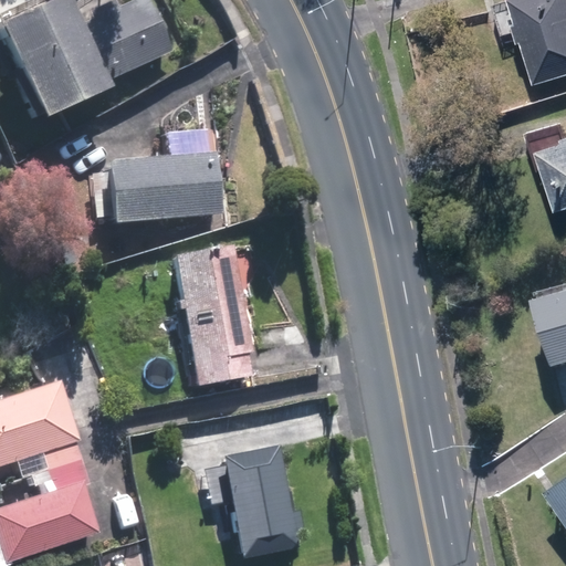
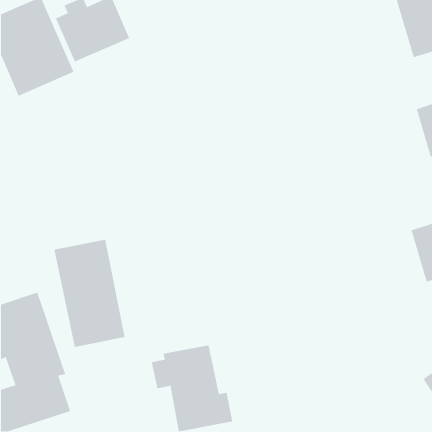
building: [102,126,222,227] -> none
building: [166,244,259,385] -> [54,239,126,348]

